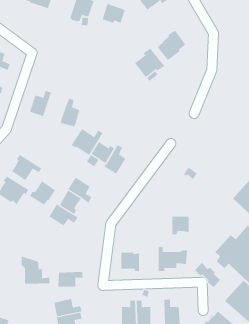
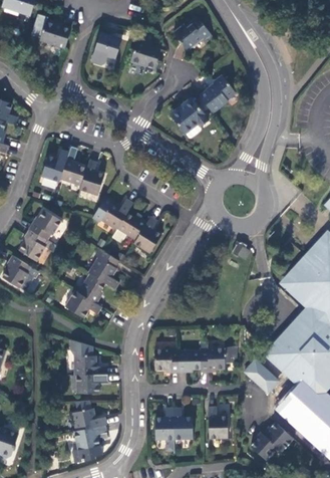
building: none -> [59,158,85,186]
building: [29,180,56,206] -> [28,209,61,240]
building: [172,216,189,235] -> [178,350,200,374]
building: [21,256,50,284] -> [69,339,105,375]

